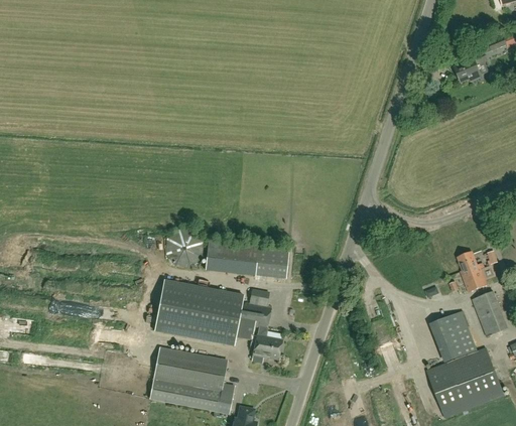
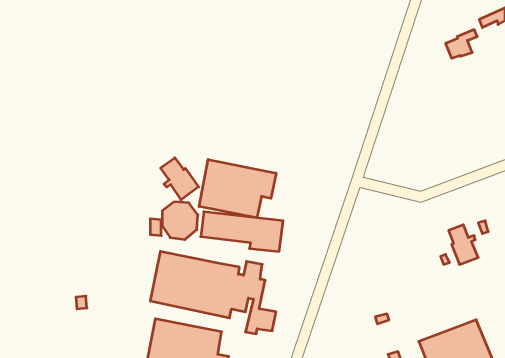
building: none -> [161,158,199,200]
building: none -> [199,159,276,218]
building: [471,291,507,336] -> none
building: [430,311,477,363] -> none

